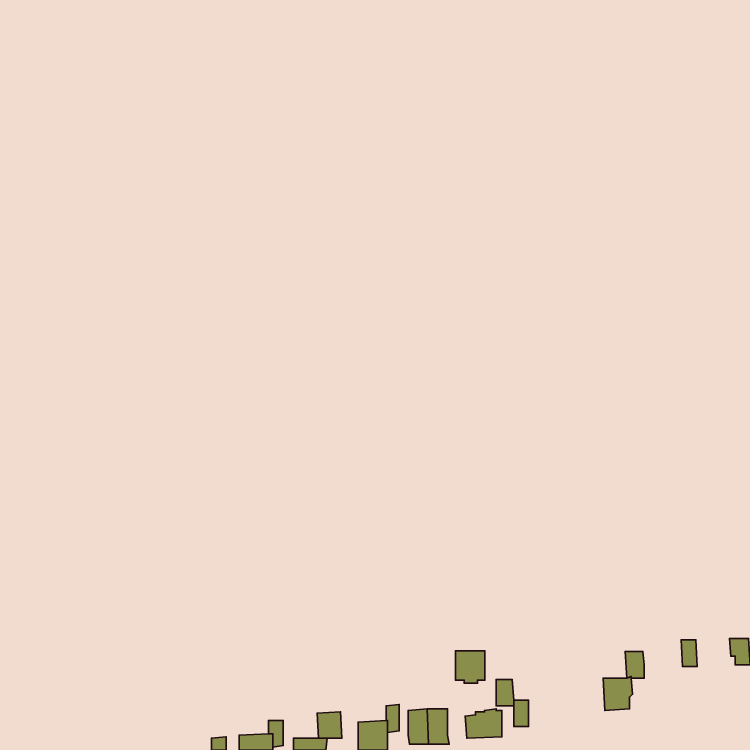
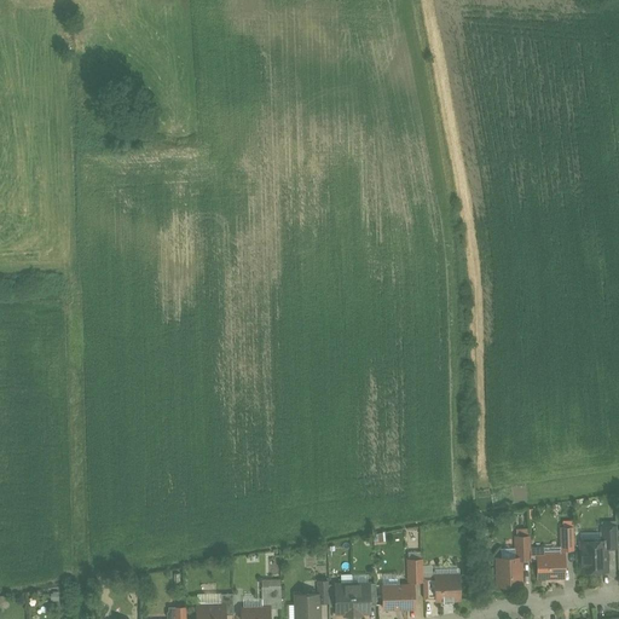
building: [455,651,485,683] -> [435,575,459,602]
building: none -> [580,540,607,572]
building: none -> [531,548,563,577]

